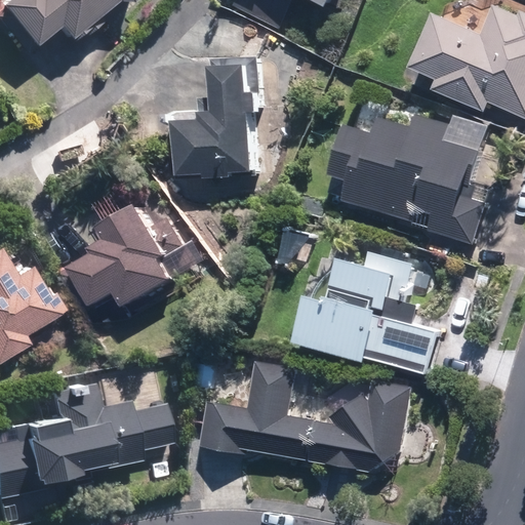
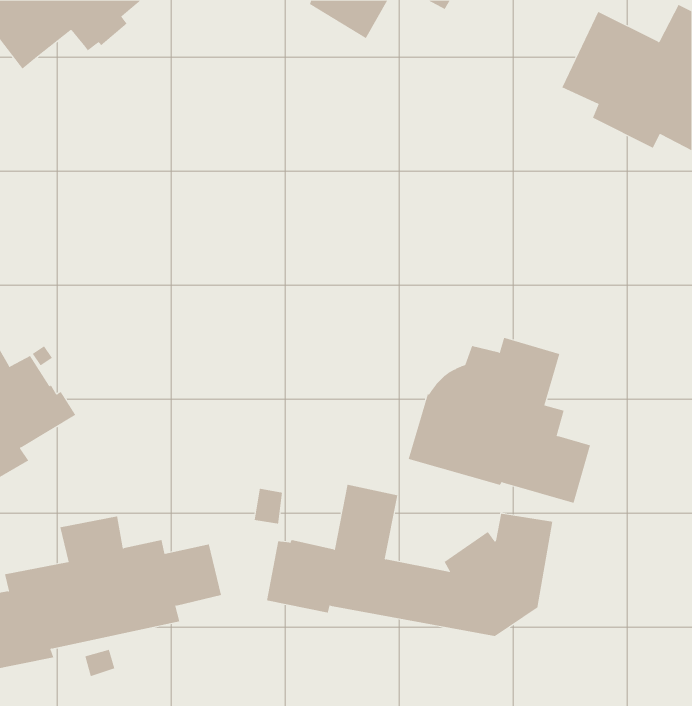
building: [175,57,266,178] -> none
building: [325,115,486,243] -> none
building: [56,203,181,316] -> none

